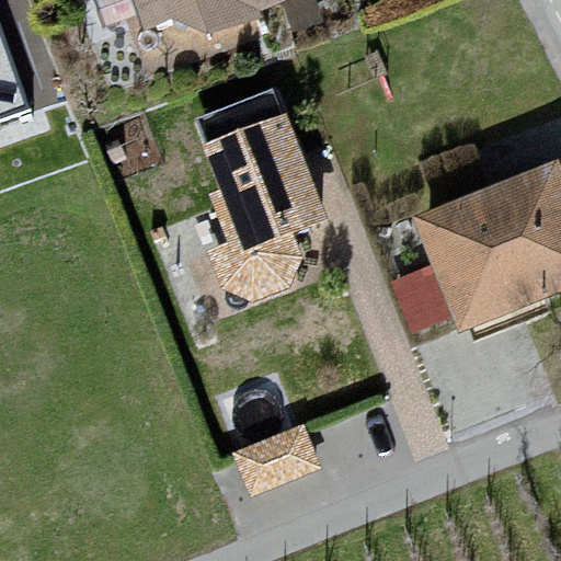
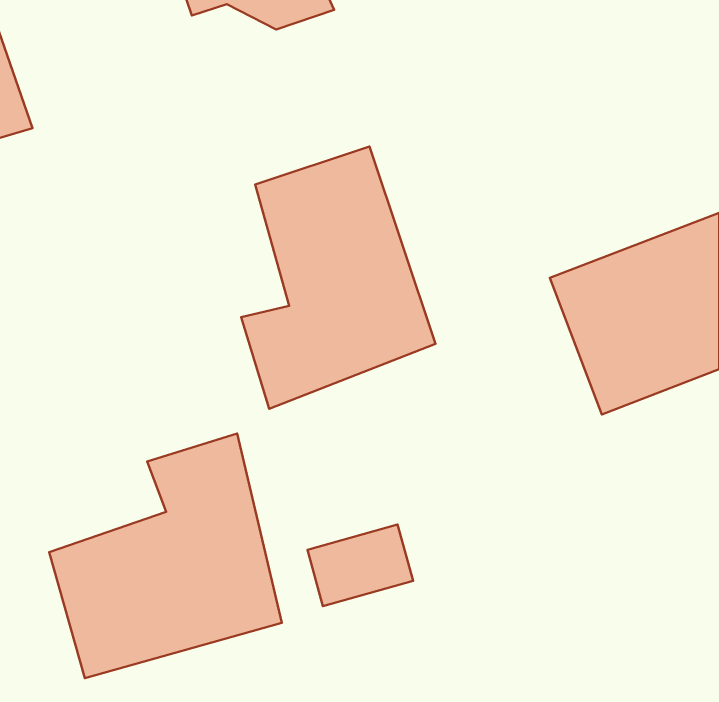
building: none -> [49,433,282,678]

